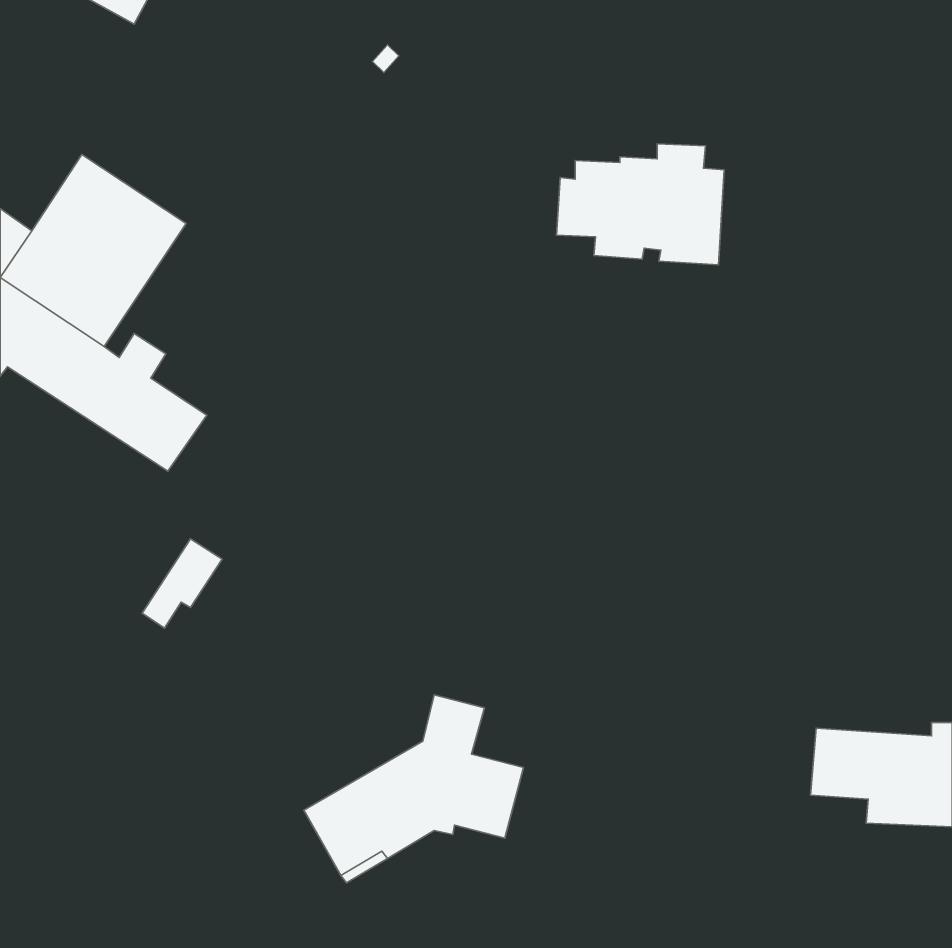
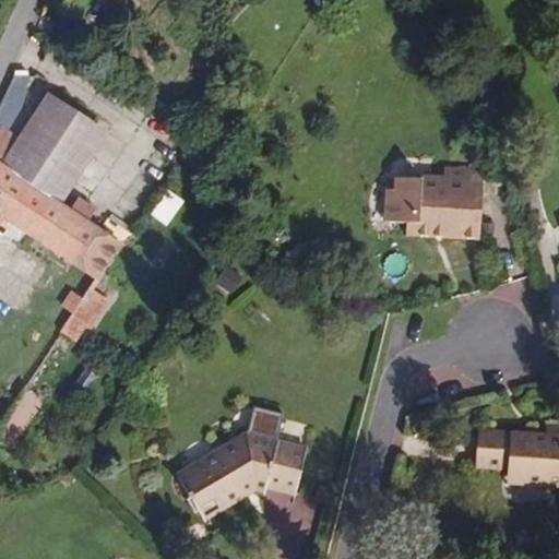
building: [556,144,724,265] -> [384,167,483,238]
building: [142,539,222,628] -> [61,286,108,338]

